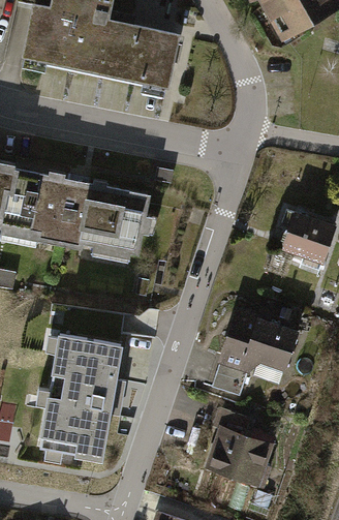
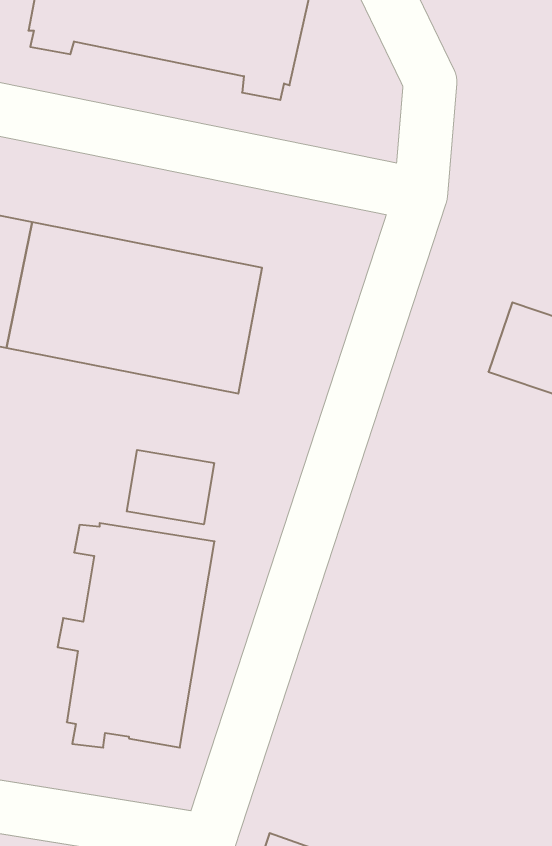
building: none -> [127,450,214,524]
building: [210,308,298,397] -> none
building: [203,408,273,488] -> none

